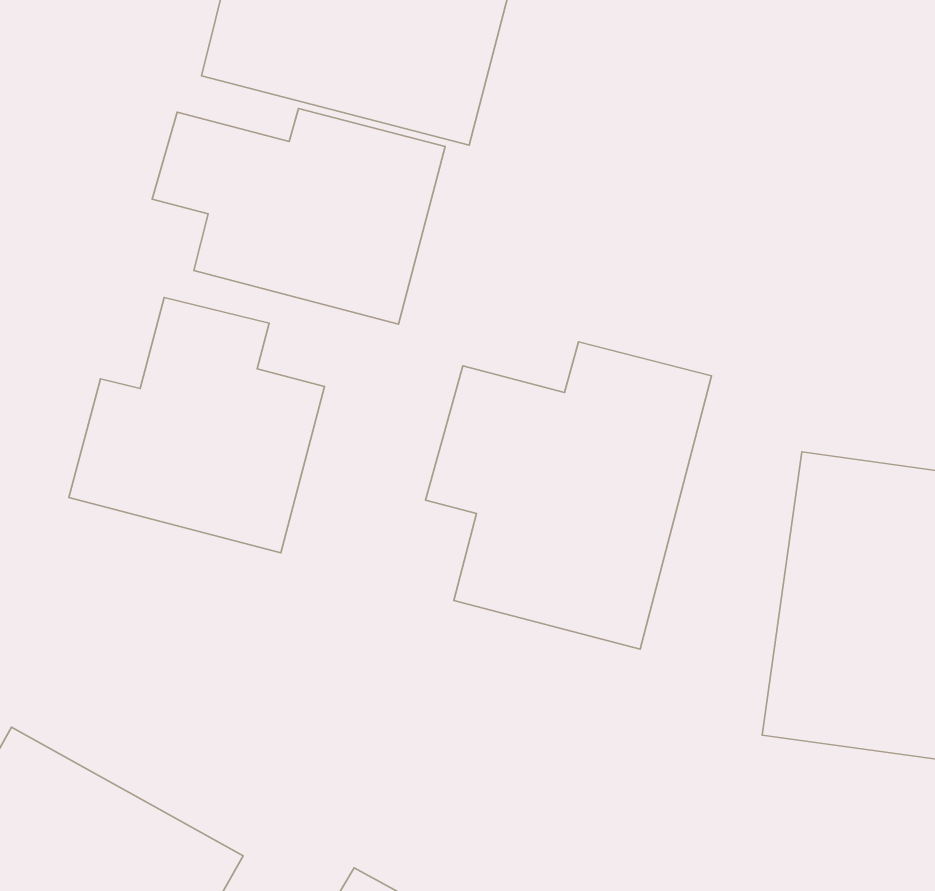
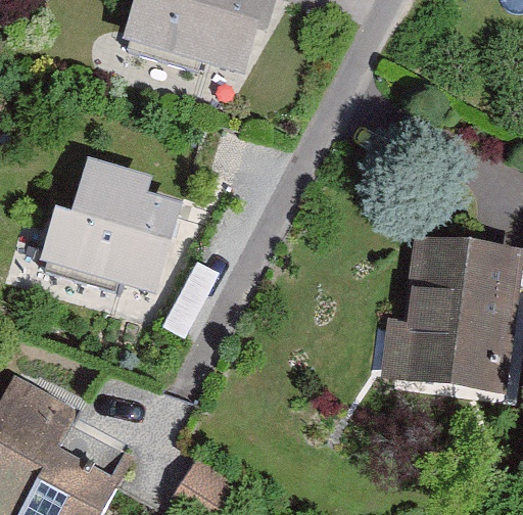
building: [152,109,445,324] -> none
building: [426,342,712,649] -> none

